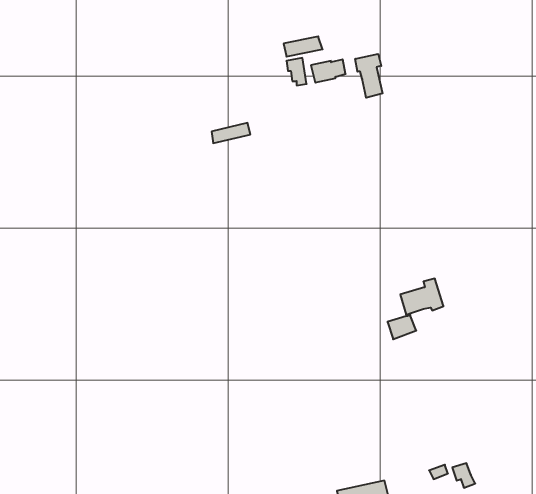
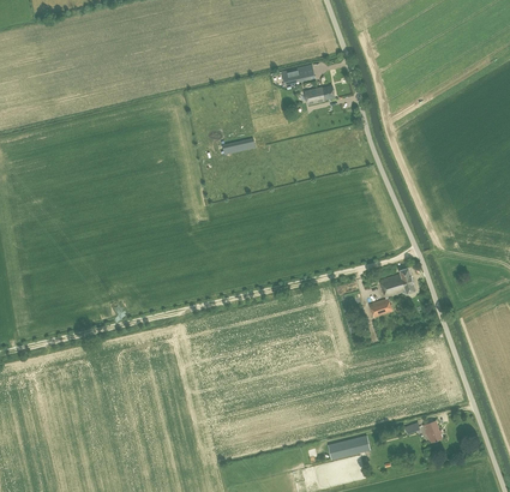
building: [355,54,383,98] -> none

